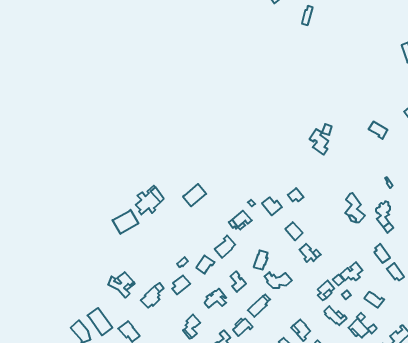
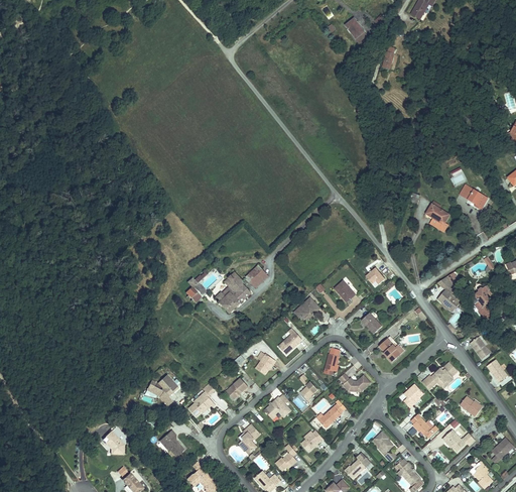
building: [309,129,328,155] -> [424,203,447,234]
building: none -> [214,271,249,311]
building: [112,210,138,234] -> none
building: [87,308,112,335] -> none

